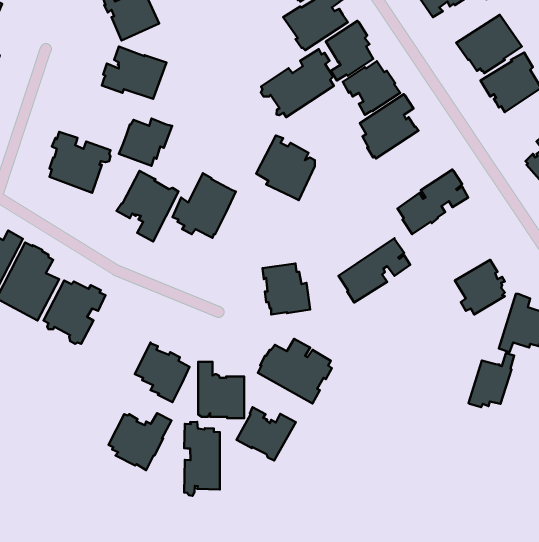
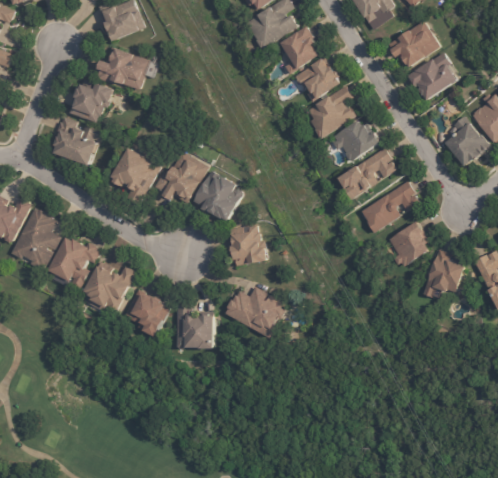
building: [261,49,334,117] -> none
building: [119,118,172,166] -> [68,83,112,122]
building: [256,136,315,200] -> [193,170,241,223]
building: none -> [331,120,381,162]
building: [338,238,410,303] -> [360,180,419,233]
building: [468,353,514,407] -> none
building: [236,407,296,461] -> none
building: [108,413,172,470] -> [83,266,135,313]
building: [184,422,220,496] -> none

